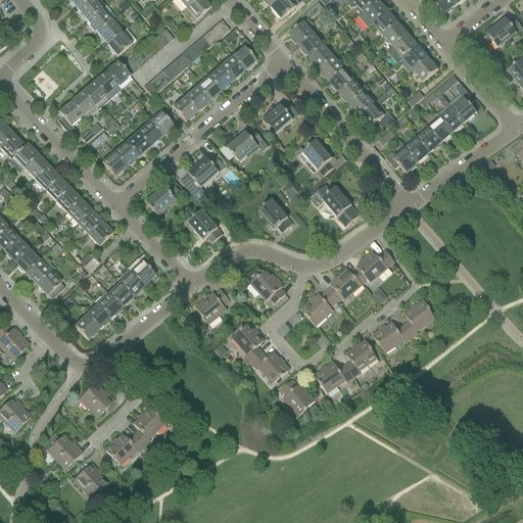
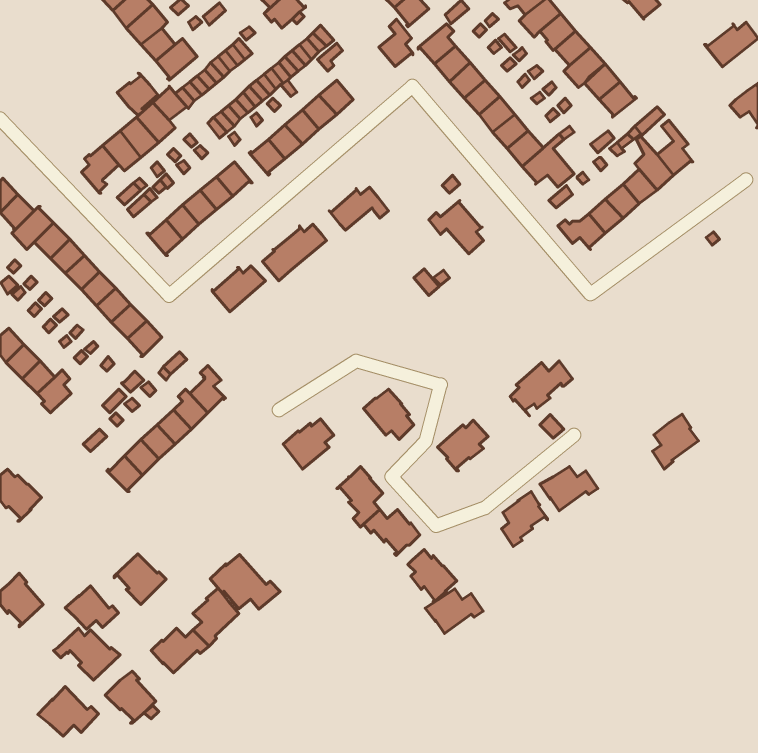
building: [232,36,255,68] -> [379,19,413,67]
building: none -> [117,73,158,115]
building: [262,101,298,132] -> none
building: [308,183,360,227] -> none
building: [257,198,293,231] -> none
building: [187,208,223,242] -> none
building: [326,267,365,300] -> none
building: [37,268,64,298] -> none
building: [403,298,435,336] -> [652,414,698,469]
building: [314,361,353,391] -> [425,589,483,634]
building: none -> [210,554,280,609]
building: none -> [65,586,119,629]
building: none -> [38,687,99,736]

